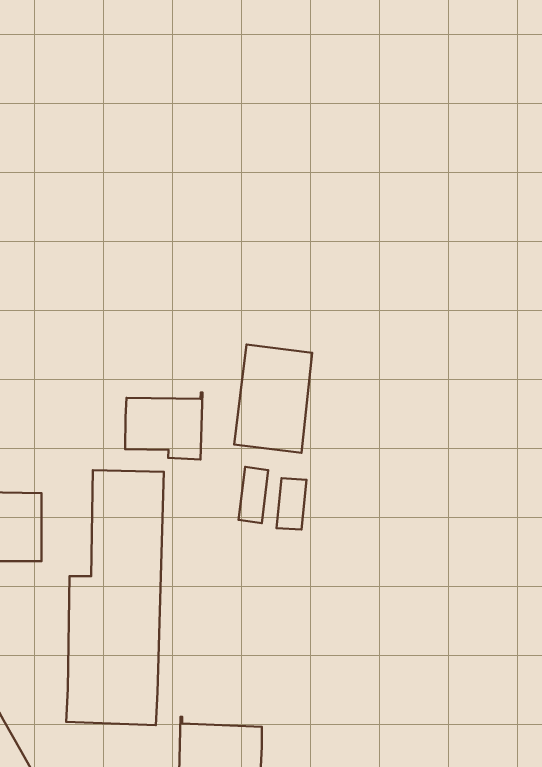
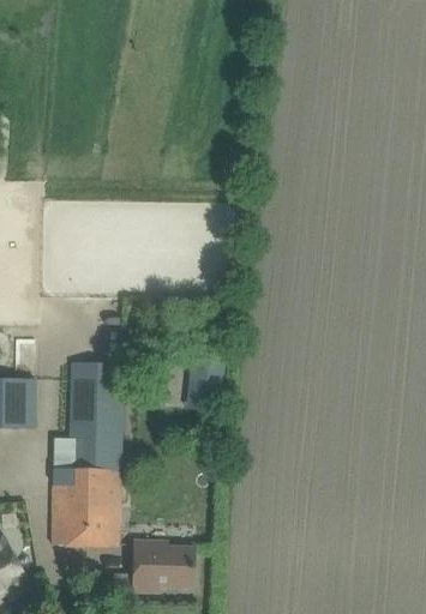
building: [234,345,312,453] -> none
building: [125,392,203,460] -> none

